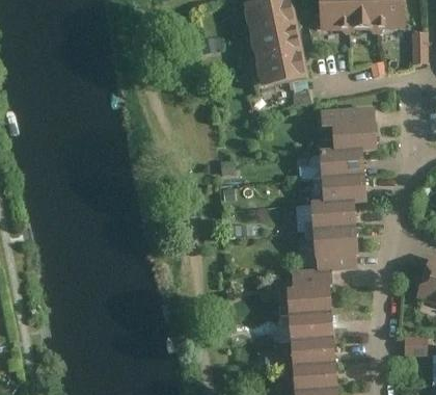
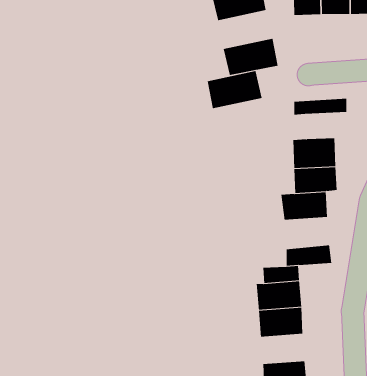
building: [248,24,302,61] -> [207,70,262,109]
building: [333,123,375,149] -> none
building: [312,225,357,256] -> none
building: [290,338,333,367] -> none

